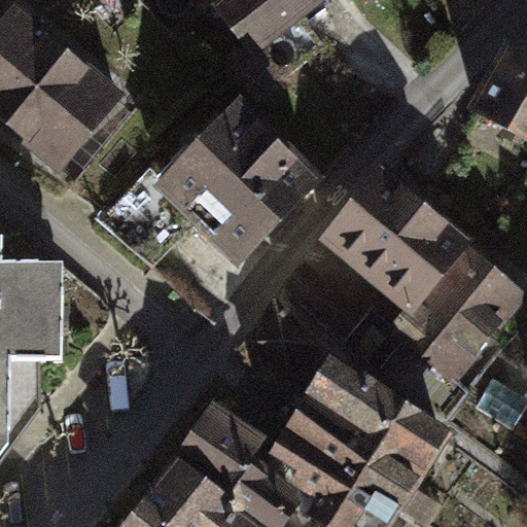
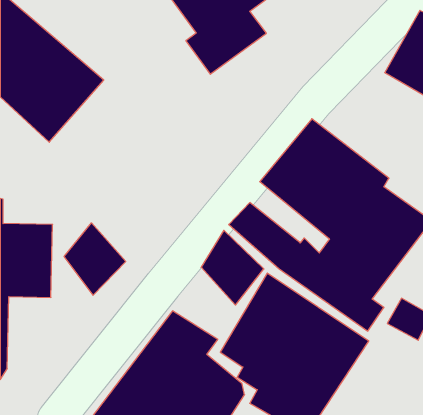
building: [101,109,329,284] -> none
building: none -> [64,223,126,295]

